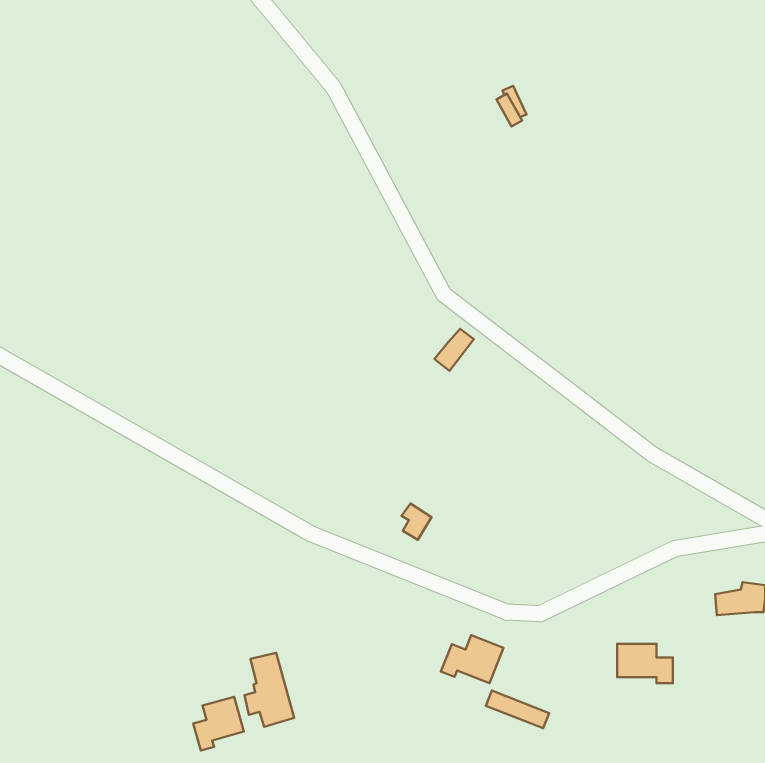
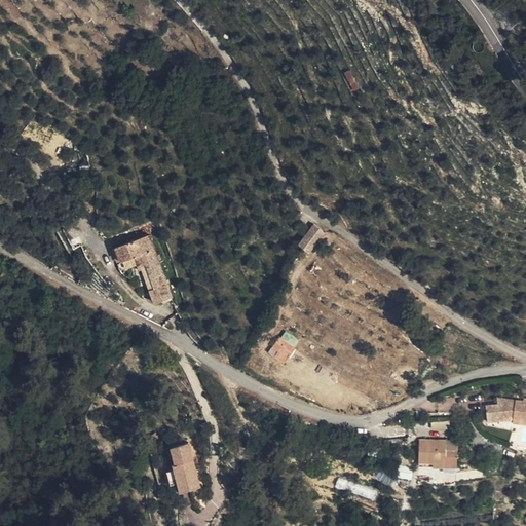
building: none -> [110,237,170,305]
building: [441,635,504,683] -> none
building: [193,697,244,751] -> none

